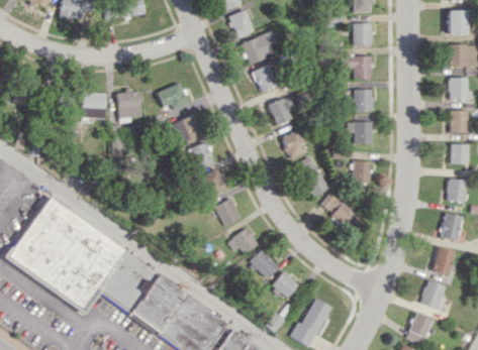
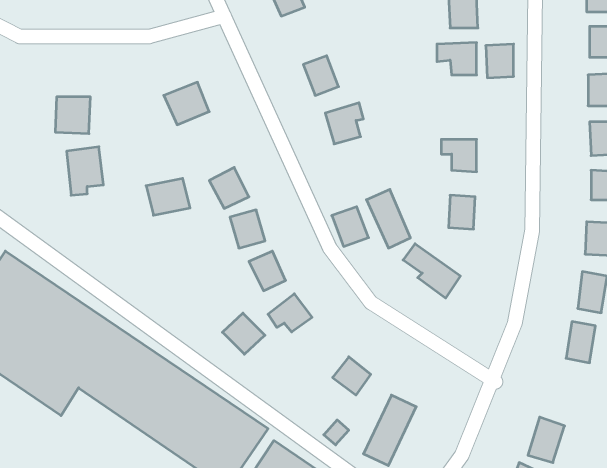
building: [242,31,277,64] -> none
building: [354,89,373,112] -> [486,44,514,78]
building: [117,90,142,123] -> [67,147,103,195]
building: [171,117,201,142] -> [146,178,190,215]
building: [282,131,307,158] -> [332,207,369,246]
building: [249,250,278,278] -> [222,313,265,354]
building: [420,280,445,309] -> none

